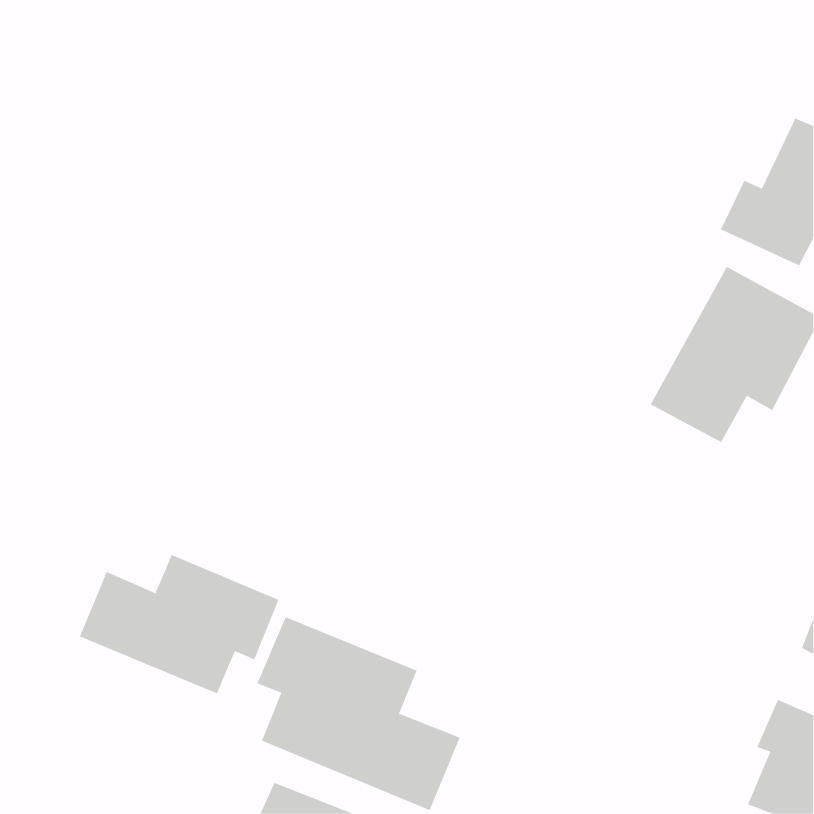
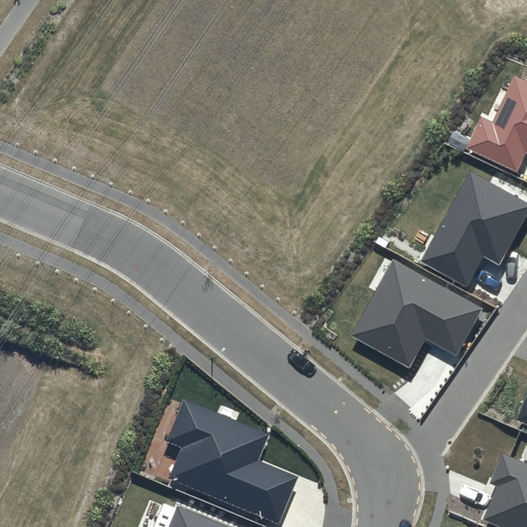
building: none -> [350,259,482,368]
building: [79,554,279,694] -> none

